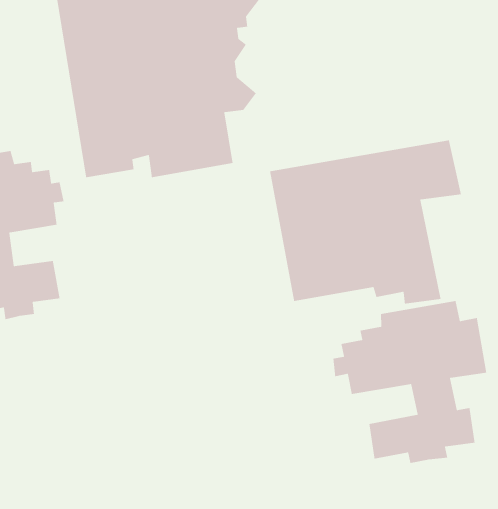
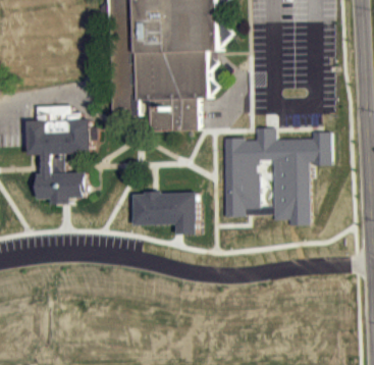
building: none -> [133,191,197,233]
building: [333,300,487,464] -> none

